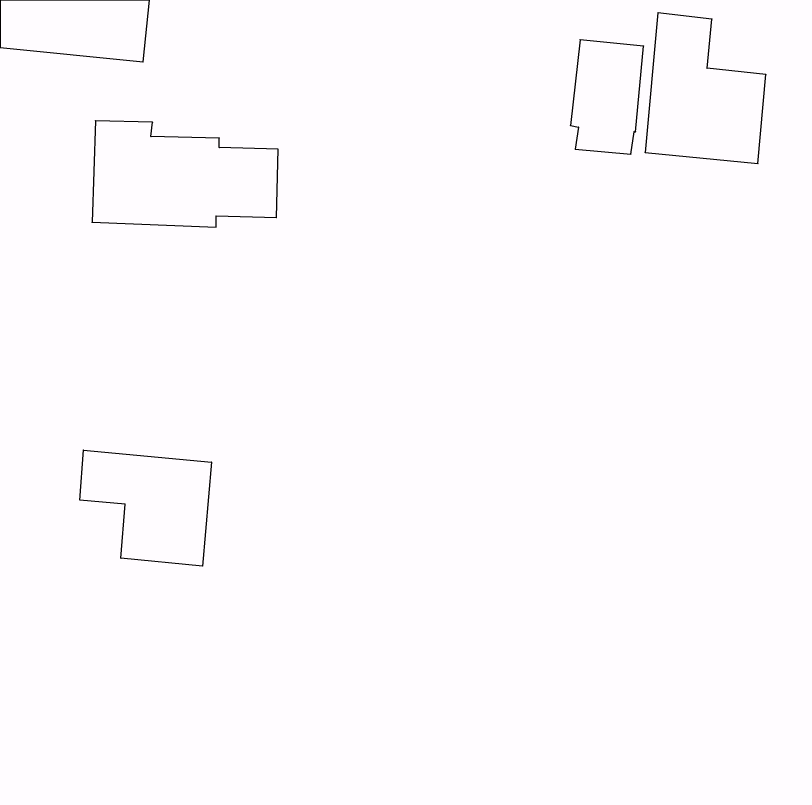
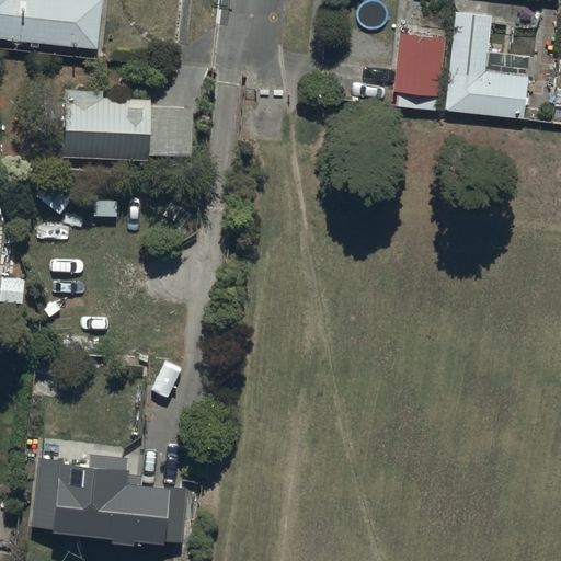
building: [80,450,211,566] -> none
building: none -> [31,455,188,547]

